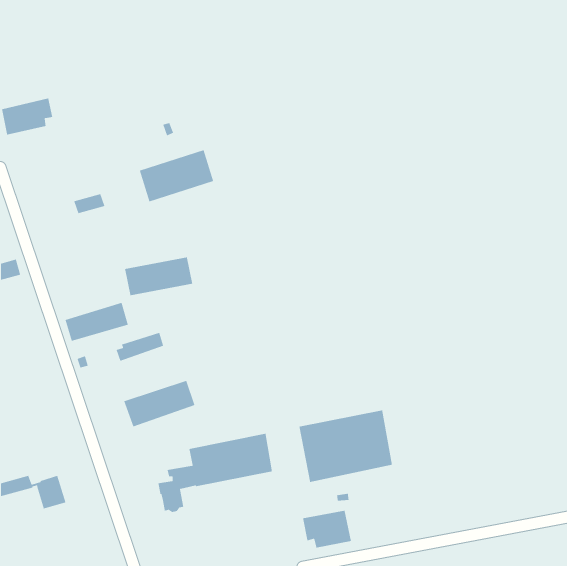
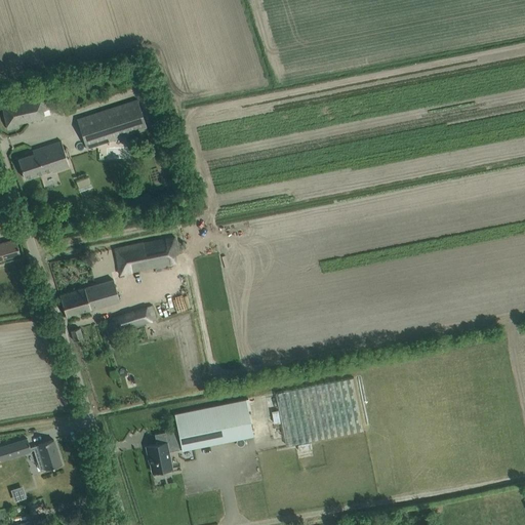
building: [139,149,214,202] -> [77,100,147,150]
building: none -> [17,142,69,179]
building: [123,380,196,427] -> none
building: [302,510,352,548] -> none

